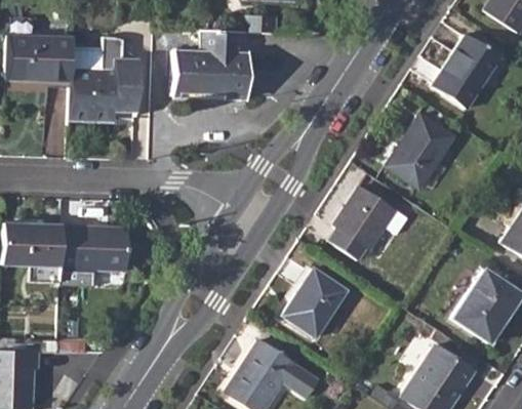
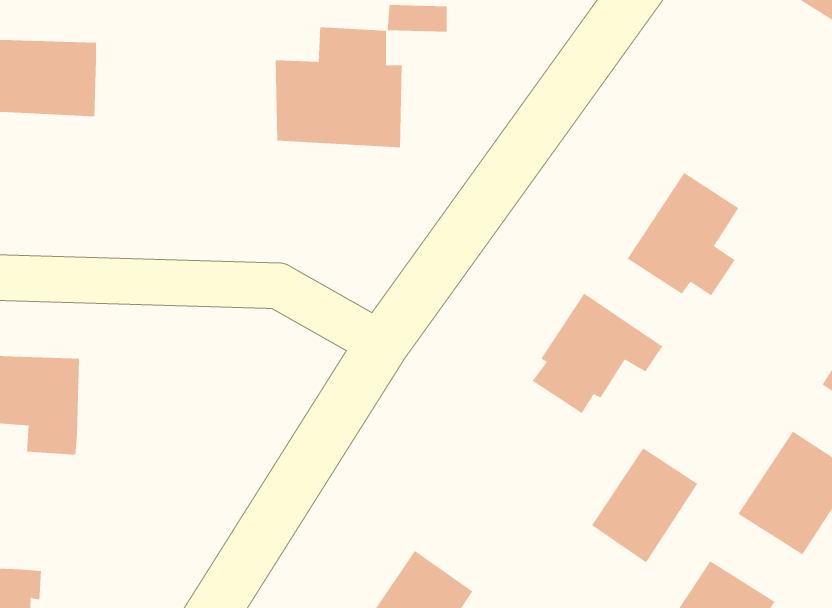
building: [432,34,500,109] -> none
building: [68,37,136,118] -> none
building: [59,226,127,274] -> none
building: [282,269,346,337] -> [591,448,698,563]

